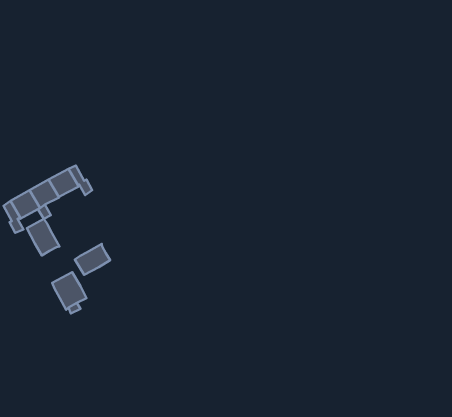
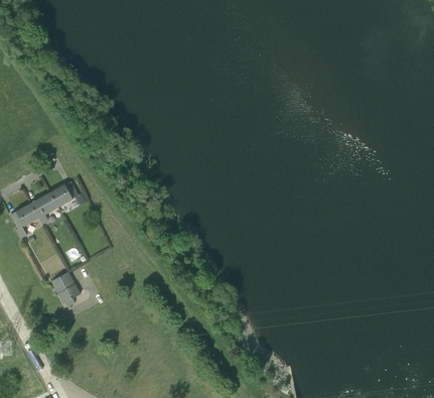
building: [27,219,59,255] -> none
building: [75,244,110,275] -> none

